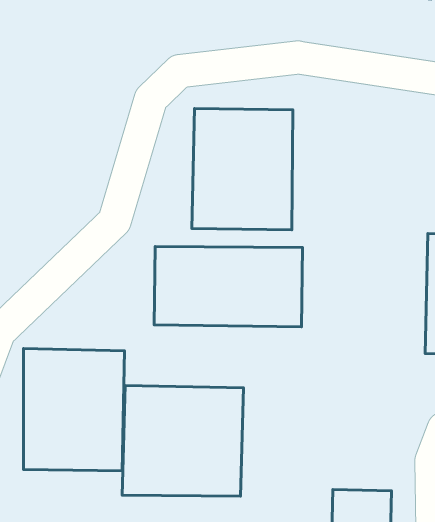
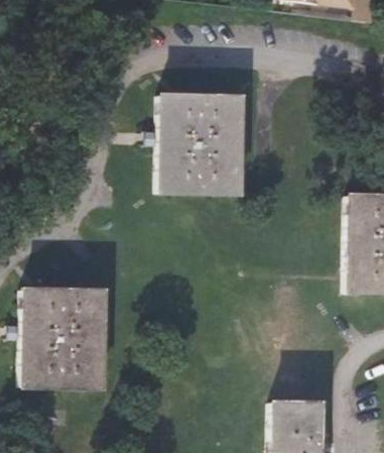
building: [154,247,303,327] -> none
building: [122,385,243,496] -> none

